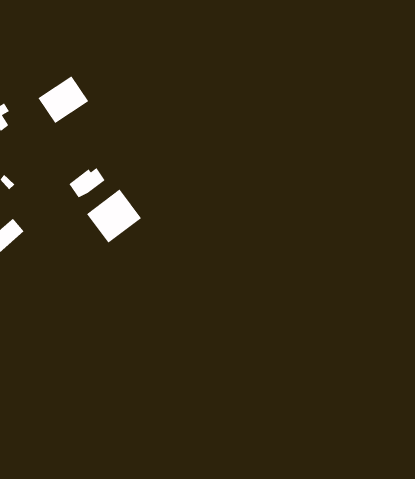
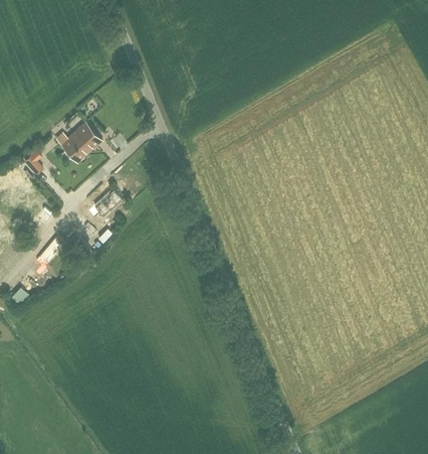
building: [86,189,142,244] -> none

